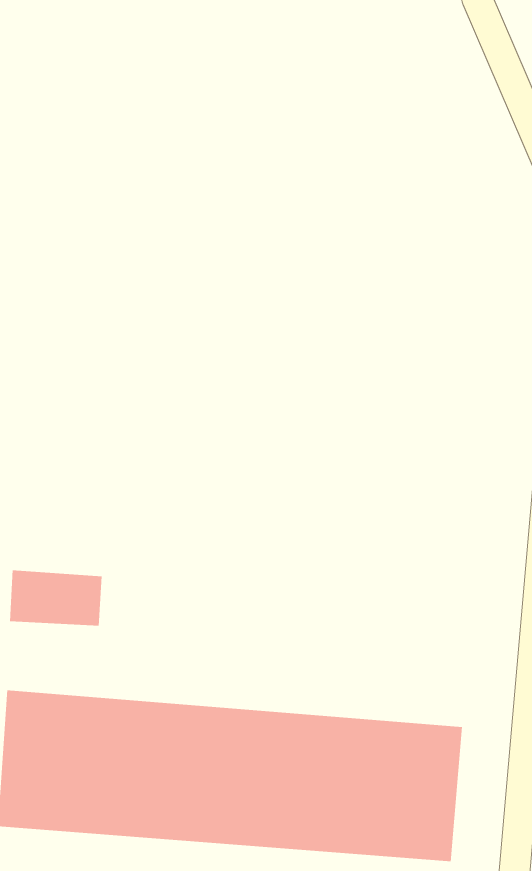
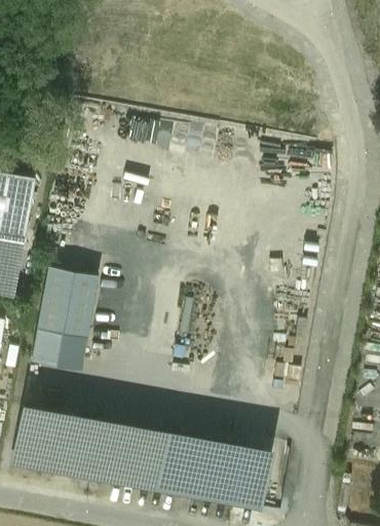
building: none -> [36,266,97,338]

